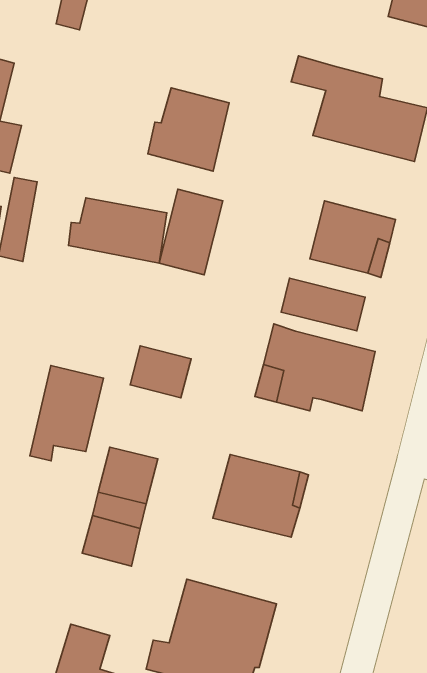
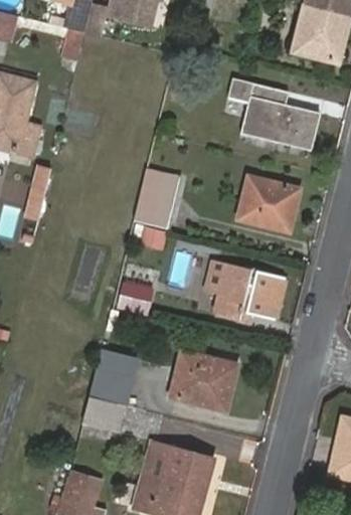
building: [148,88,229,171] -> none
building: [68,198,167,263] -> none
building: [281,278,365,331] -> none
building: [30,365,104,461] -> none

